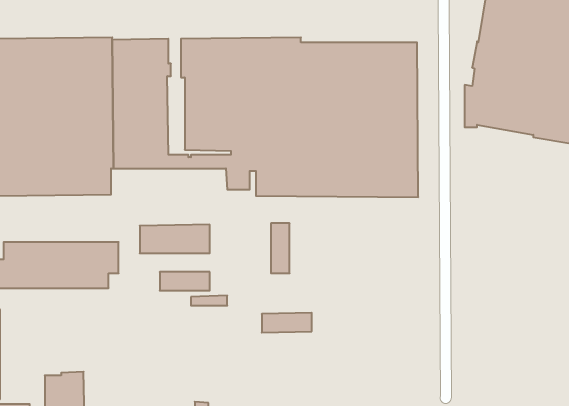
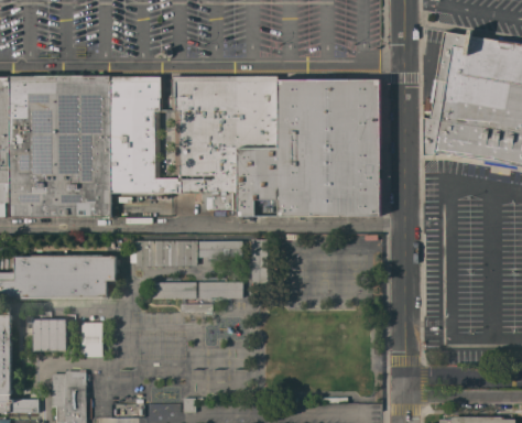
building: none -> [198,240,241,257]
building: none -> [28,311,66,350]
building: [262,313,312,333] -> [198,281,242,299]
building: none -> [81,322,101,357]

